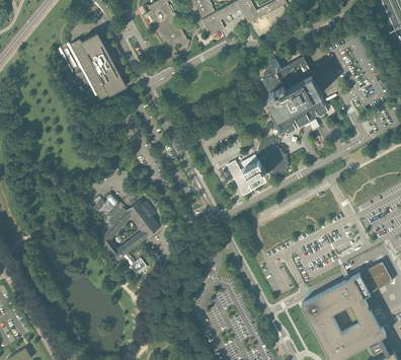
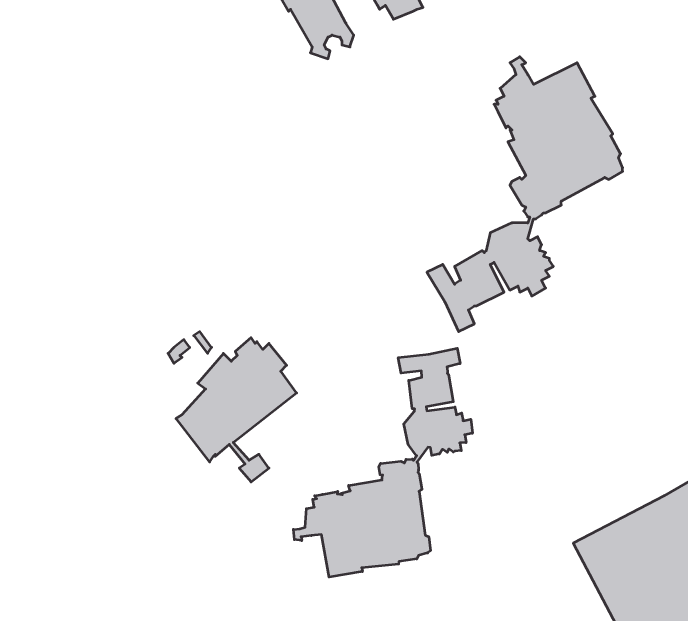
building: [70,31,127,100] -> none
building: none -> [293,348,472,577]

